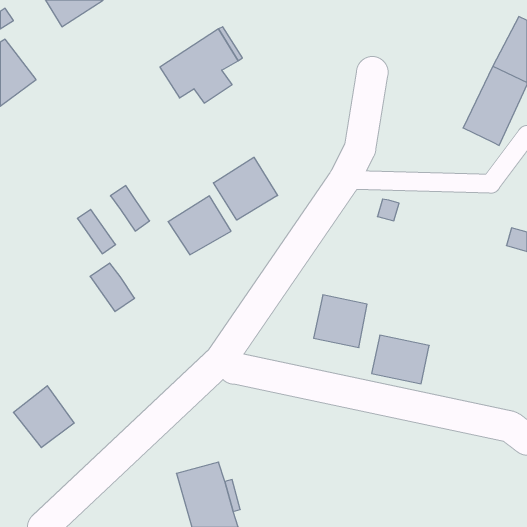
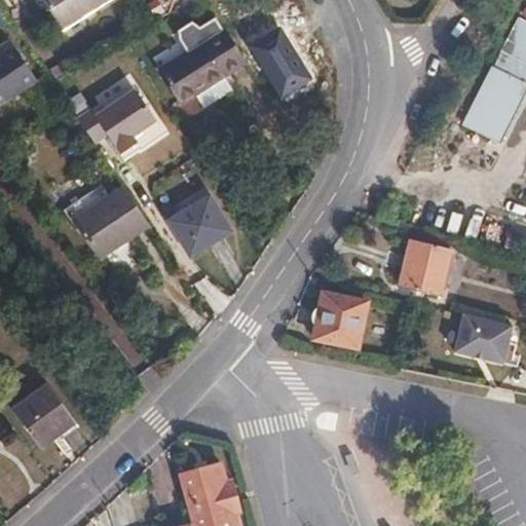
building: none -> [249,27,313,99]
building: none -> [85,84,170,156]
building: [213,157,278,220] -> none
building: none -> [400,246,447,294]
building: [90,263,135,312] -> [90,195,135,243]
building: [372,335,429,384] -> [455,314,513,363]

